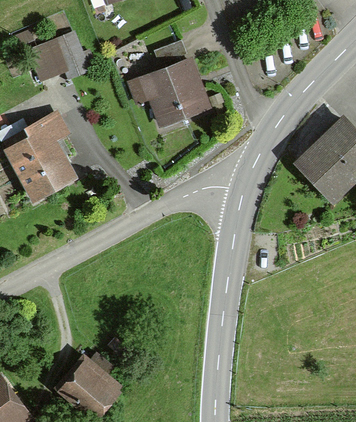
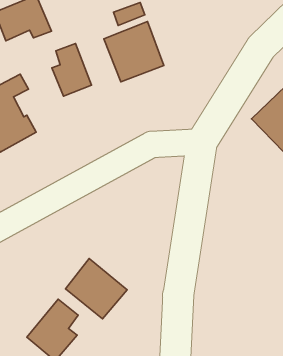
building: none -> [52,43,92,96]
building: none -> [65,258,127,319]

